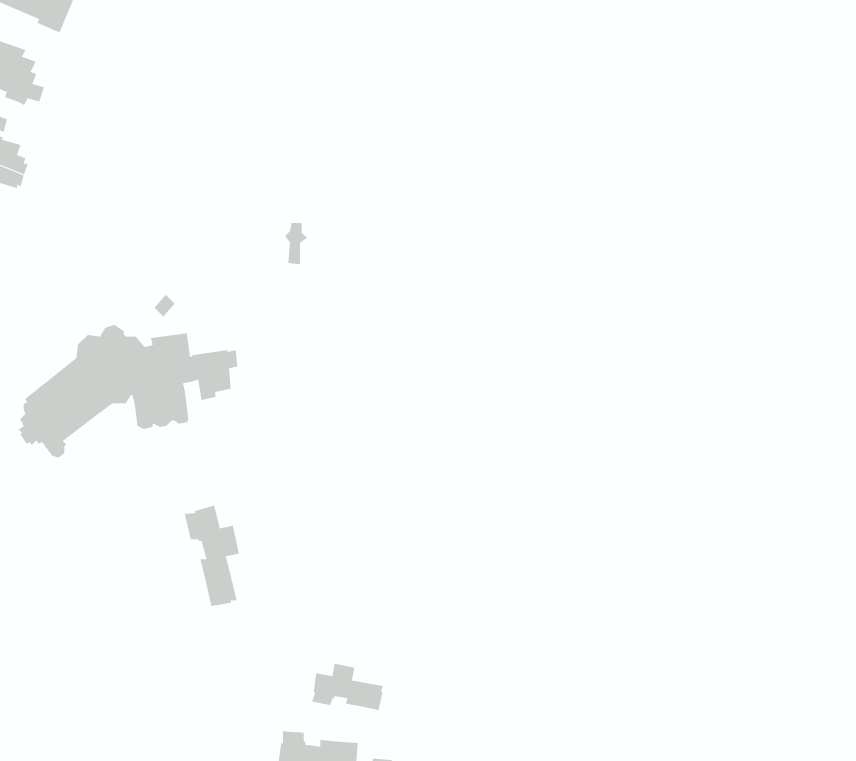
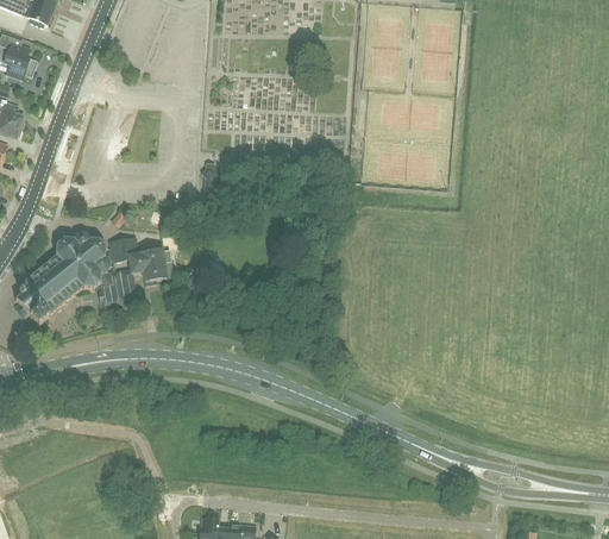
building: [184,505,240,607] -> none
building: [312,663,383,711] -> none

